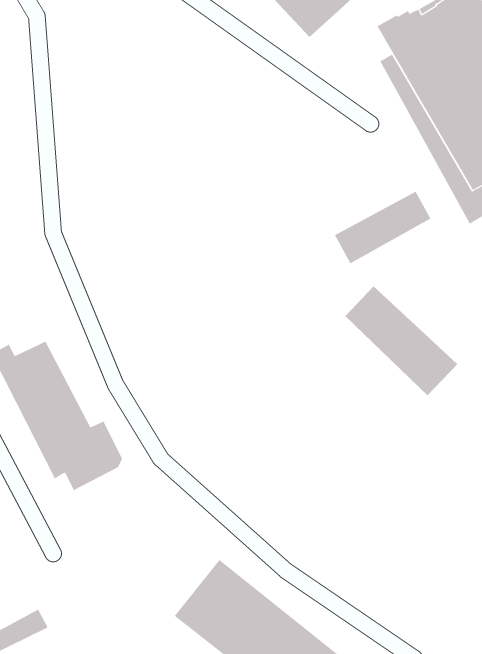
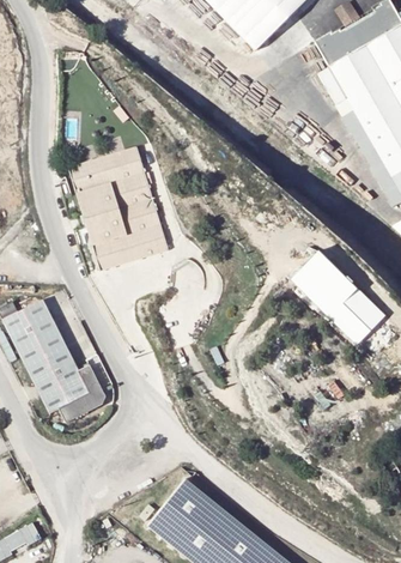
building: none -> [68,146,168,271]
building: [334,191,431,264] -> none

